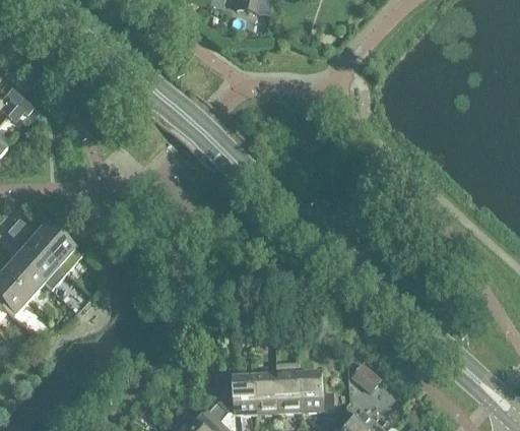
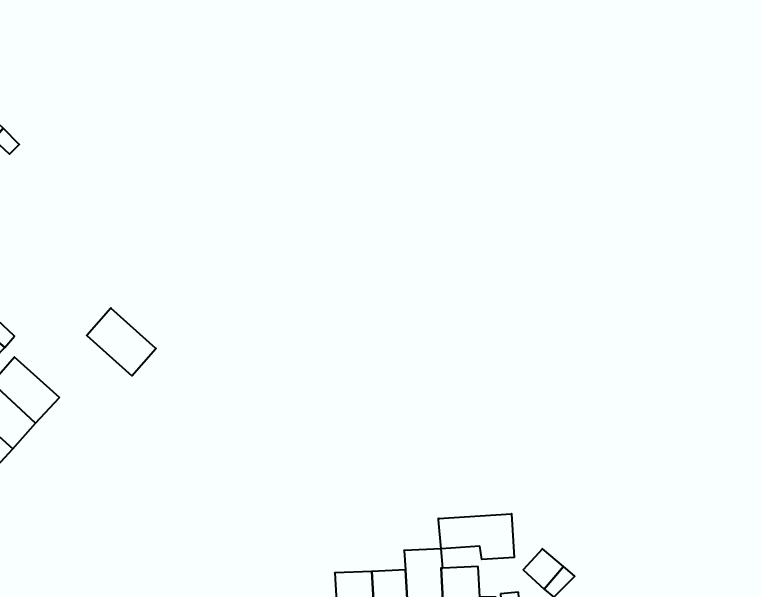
building: [30,224,74,266] -> [87,308,156,376]
building: none -> [438,514,514,559]

